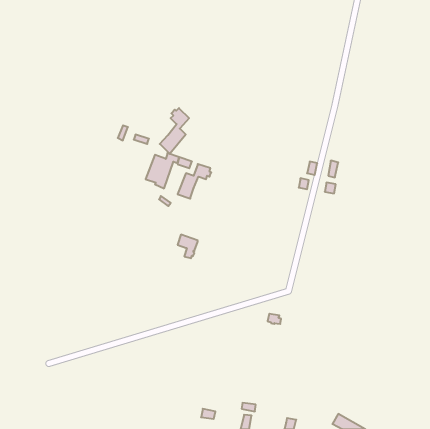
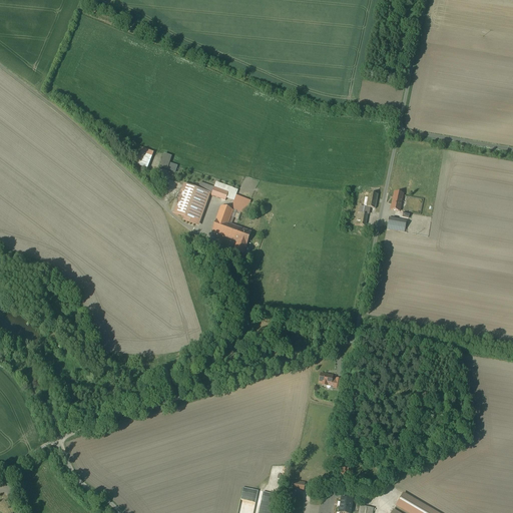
building: [160,108,189,154] -> none
building: [178,235,198,258] -> [226,224,250,252]

